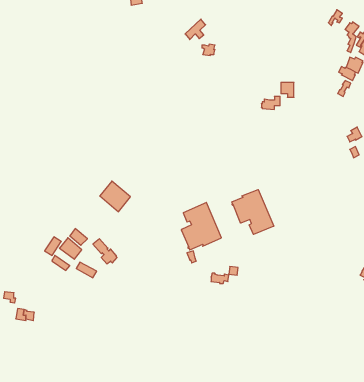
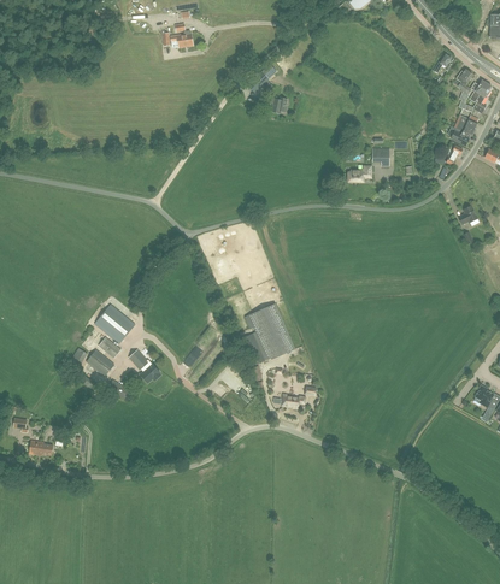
building: [100,181,130,212] -> [95,302,135,342]
building: [232,190,274,234] -> none

